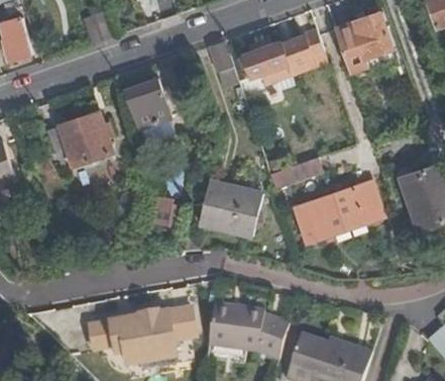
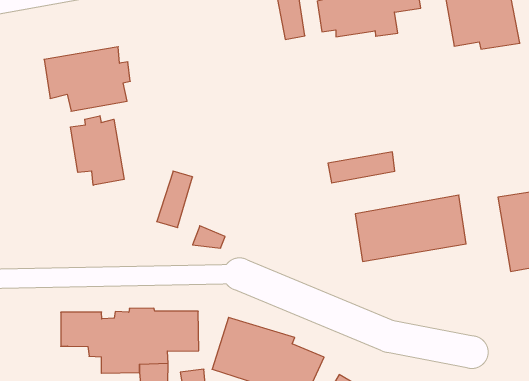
building: [126,81,170,130] -> none
building: none -> [71,116,124,185]
building: [198,181,262,239] -> none

